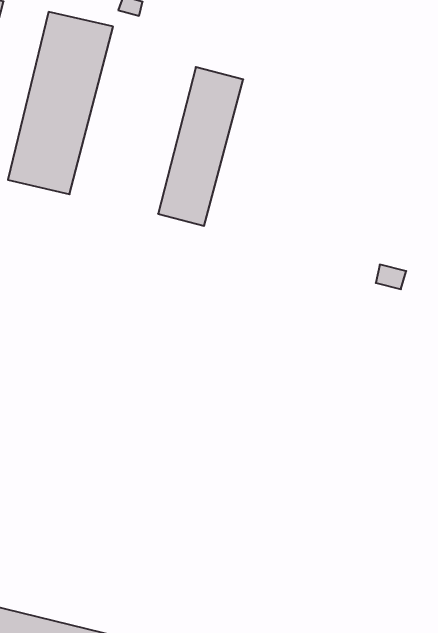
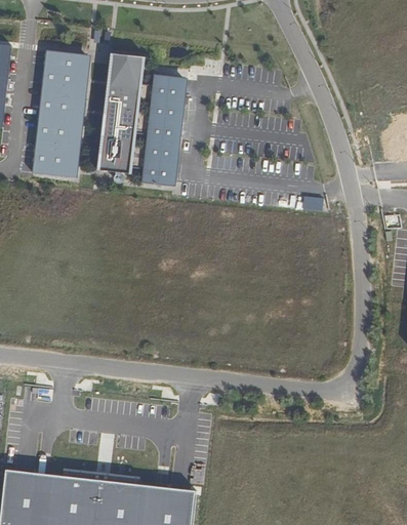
building: none -> [96,53,146,175]

